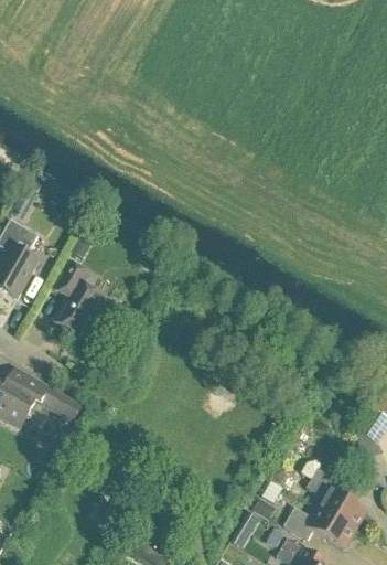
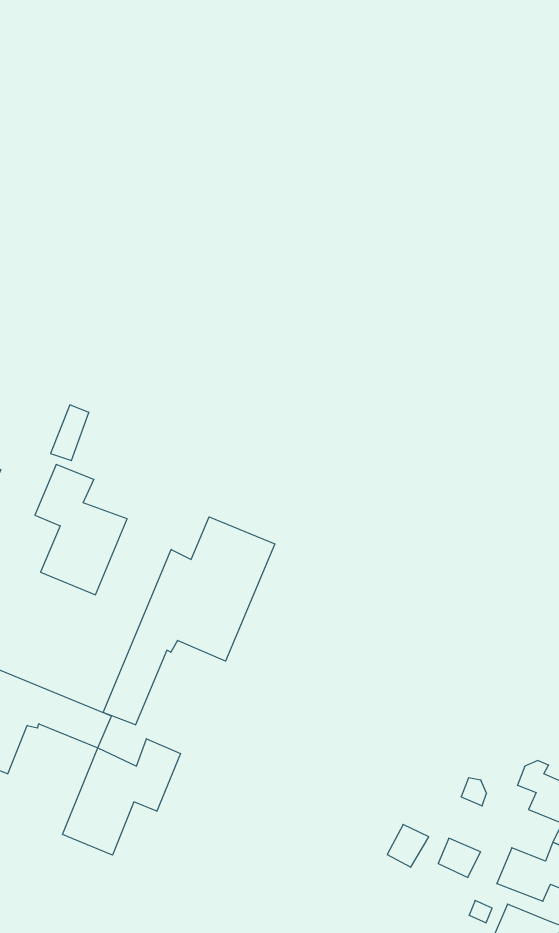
building: none -> [103,517,275,725]
building: none -> [63,739,181,855]

